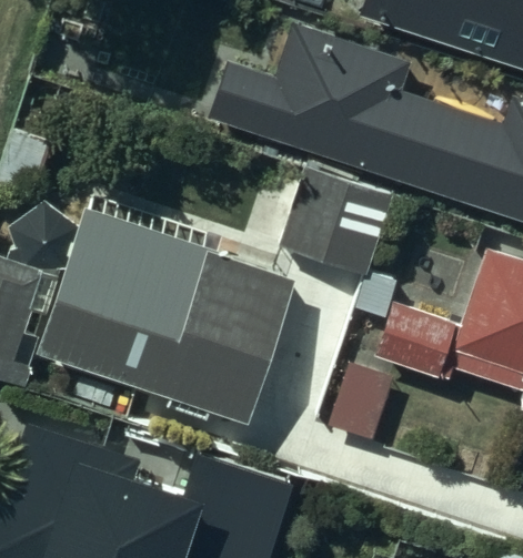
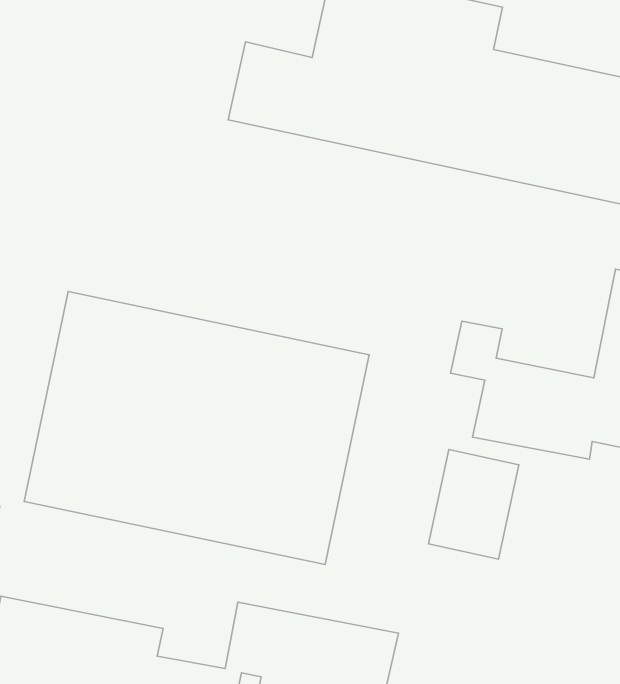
building: [272,168,382,274] -> none

